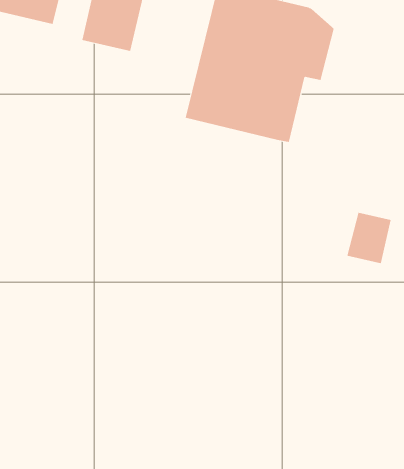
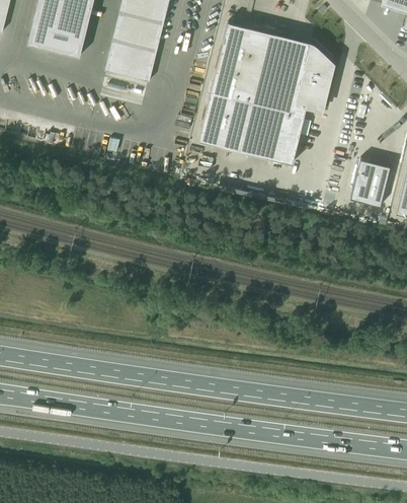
building: [347,212,392,264] -> [350,159,391,206]

